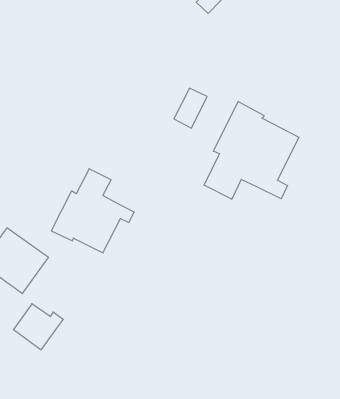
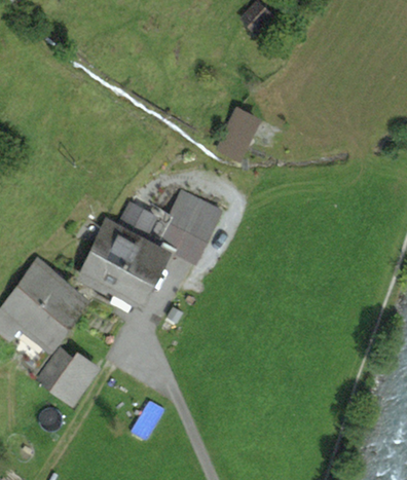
building: [204,101,299,199] -> none
building: none -> [153,193,220,261]

